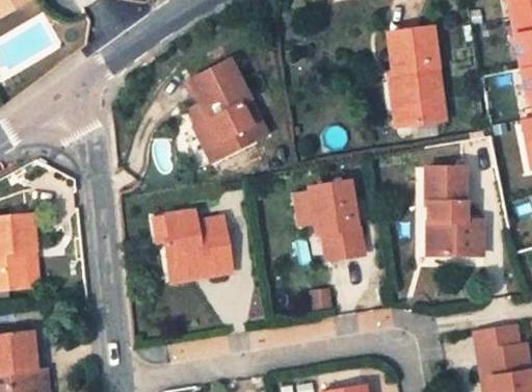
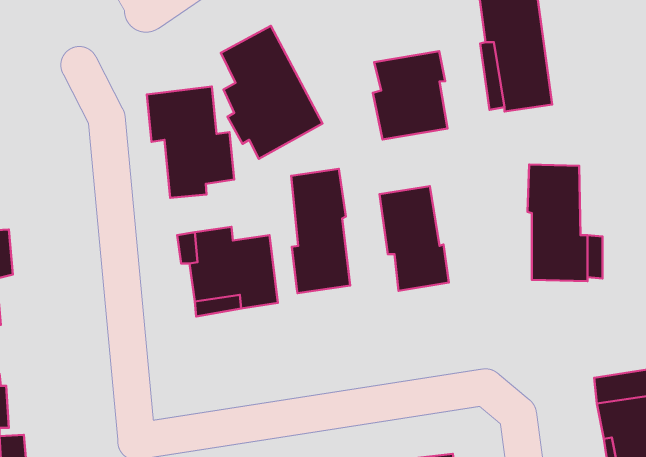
building: none -> [373,51,448,139]
building: none -> [147,87,234,198]
building: none -> [291,169,350,293]

